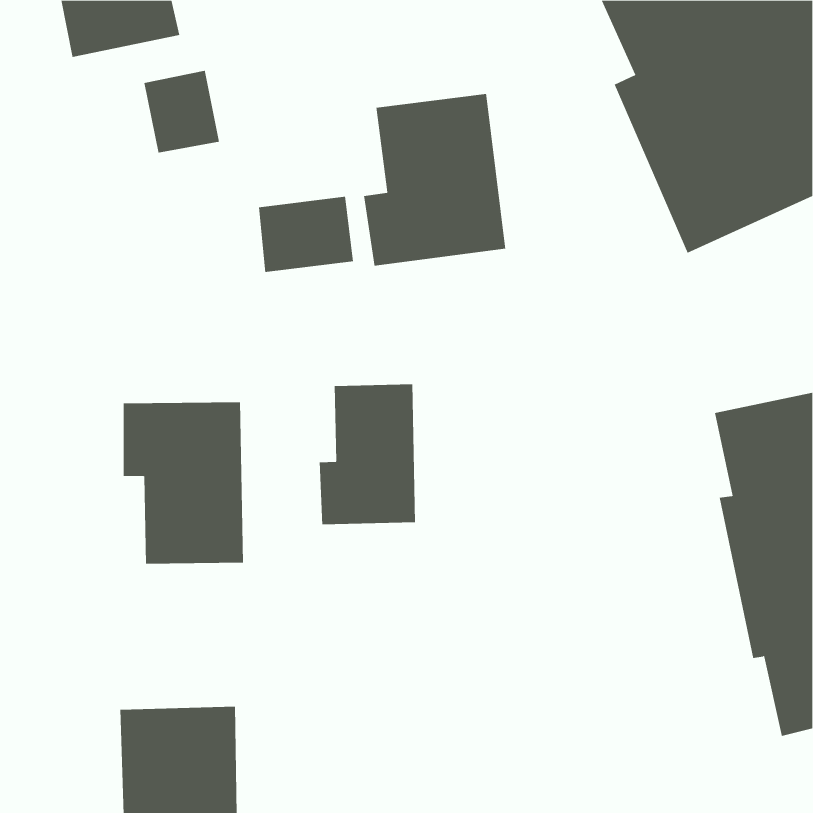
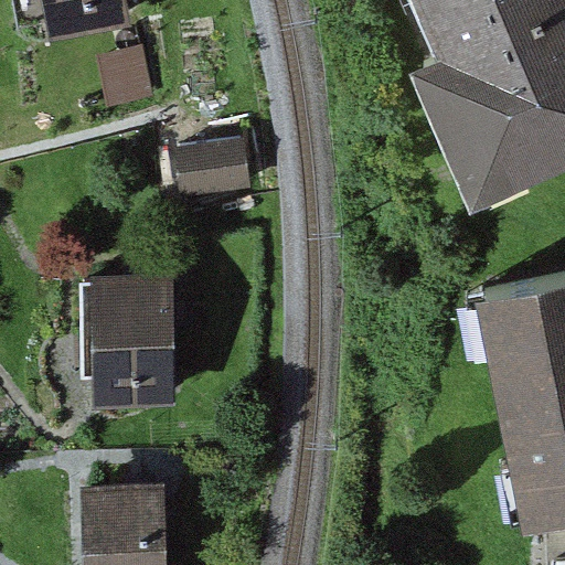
building: [364,93,506,266] -> none
building: [319,383,416,525] -> none

